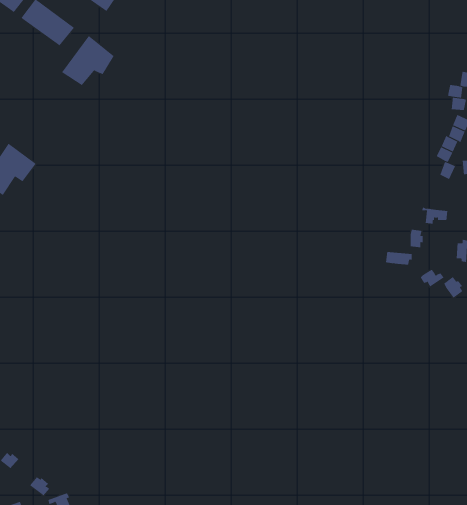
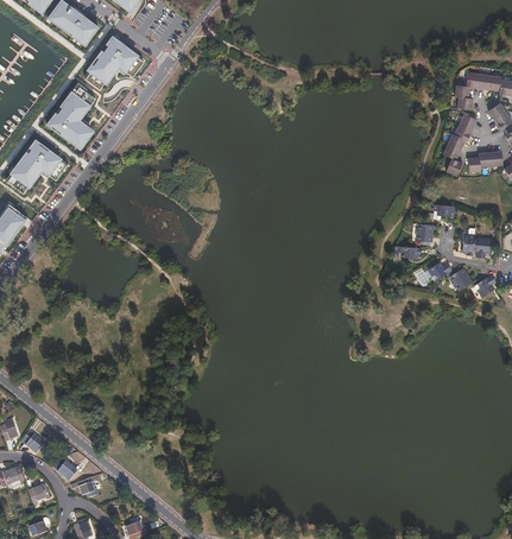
building: none -> [44,91,93,151]

